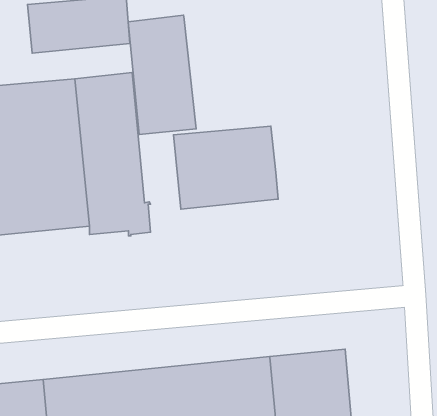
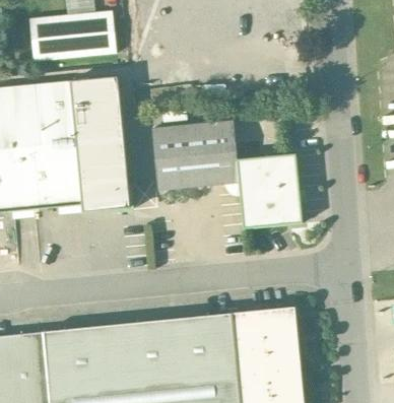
building: [128,15,196,135] -> none
building: none -> [238,154,303,228]

